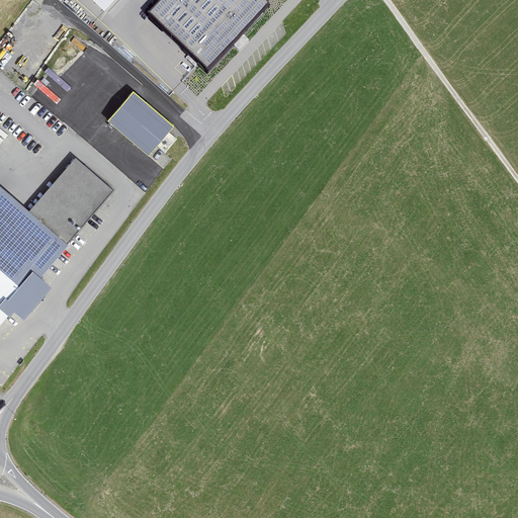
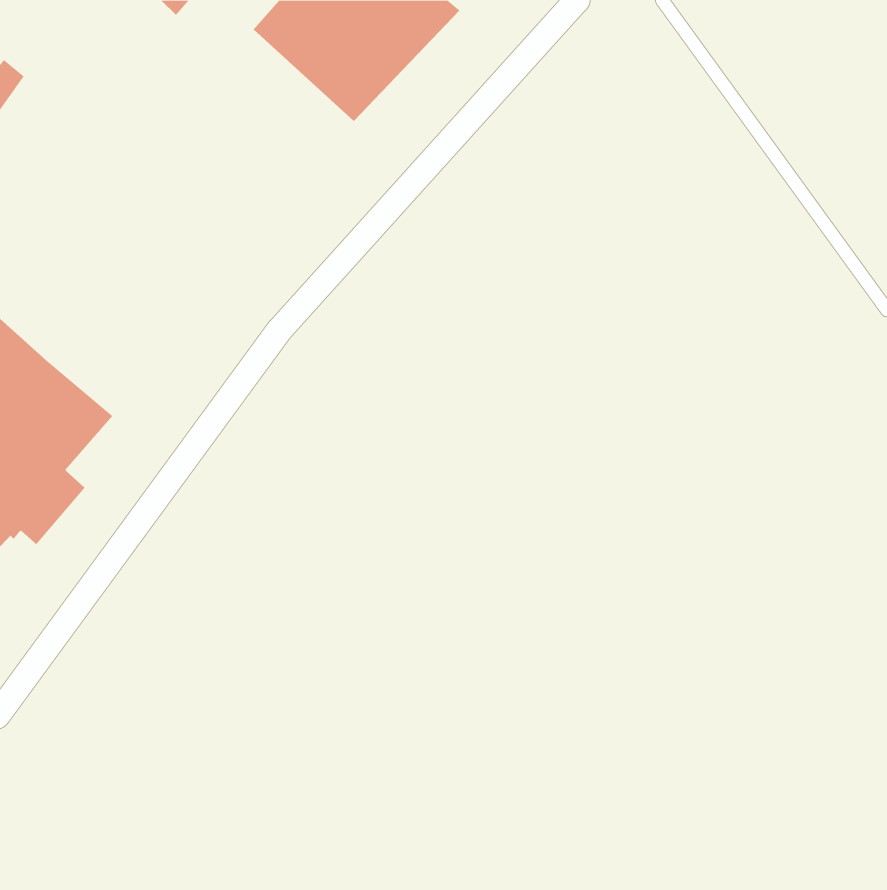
building: [105,89,172,153] -> none
building: [27,156,111,242] -> none

